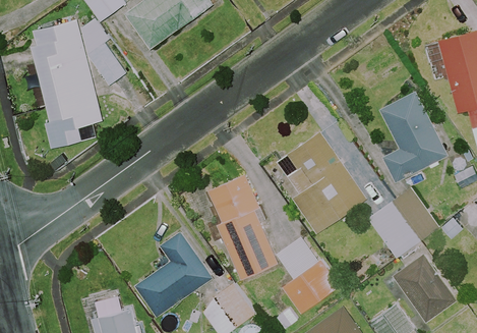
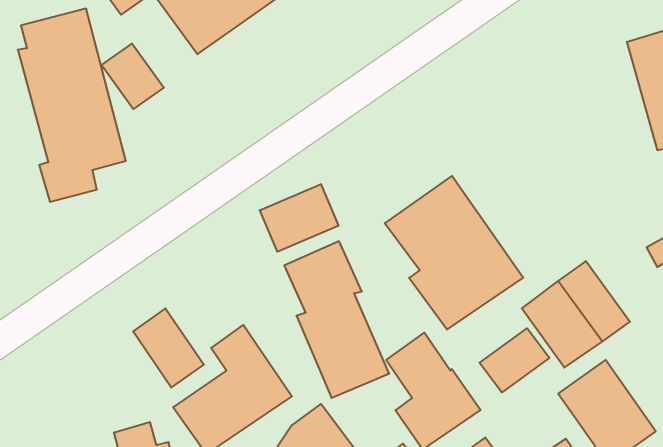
building: [379,90,450,183] -> none
building: none -> [260,184,338,252]
building: none -> [133,308,204,388]
building: none -> [479,328,549,392]

